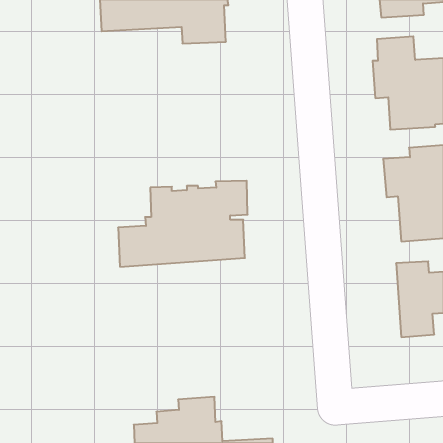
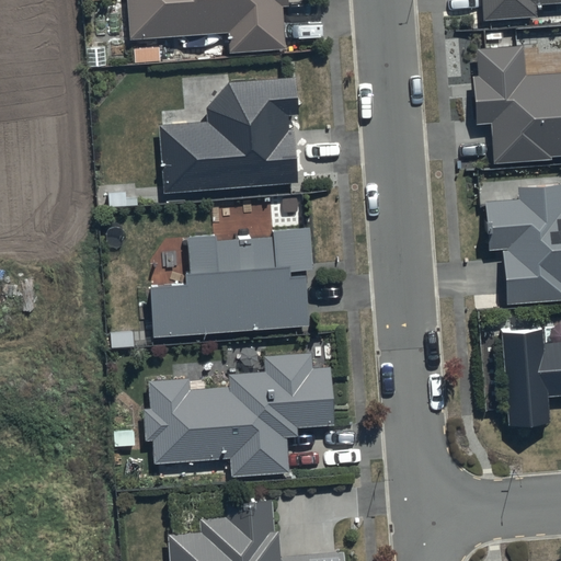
building: none -> [159,78,300,193]
building: none -> [141,354,335,476]

